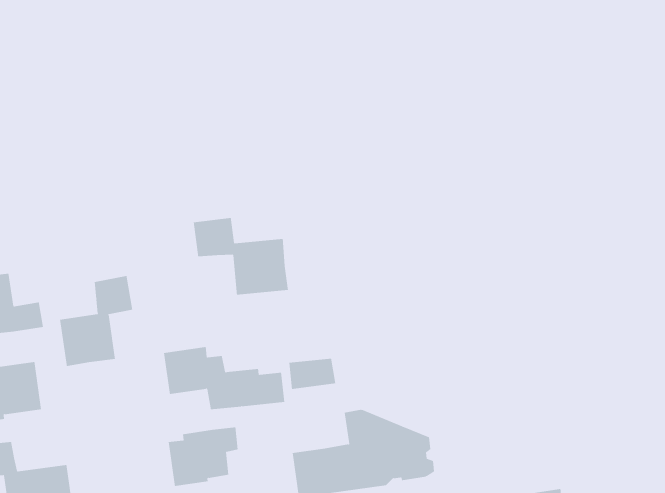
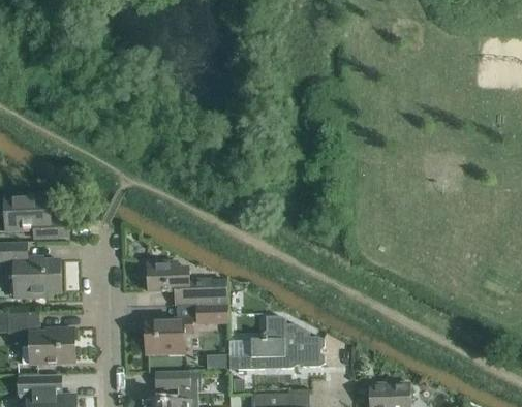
building: [193,217,289,296] -> none
building: [60,275,133,367] -> none
building: [288,358,336,390] -> [196,305,227,323]

